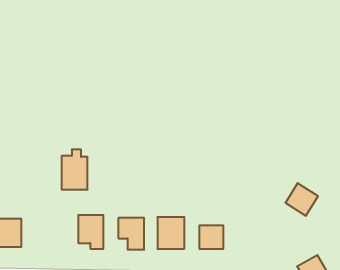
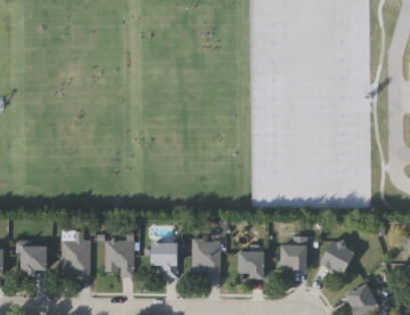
building: [62,149,88,190] -> [62,232,90,275]
building: [285,183,318,216] -> [319,239,354,274]
building: none -> [279,245,305,268]

